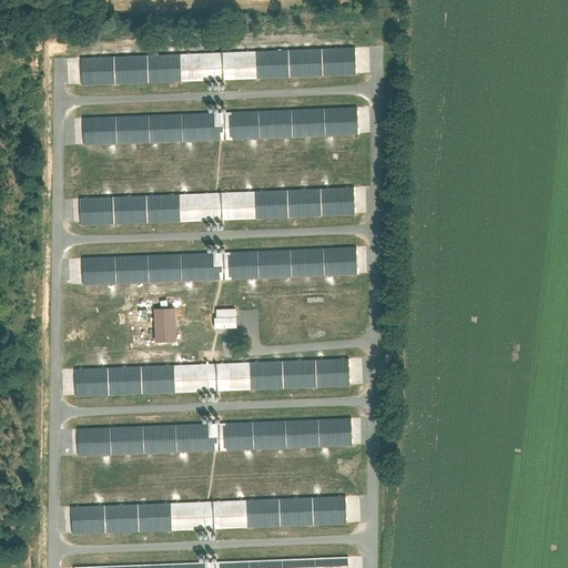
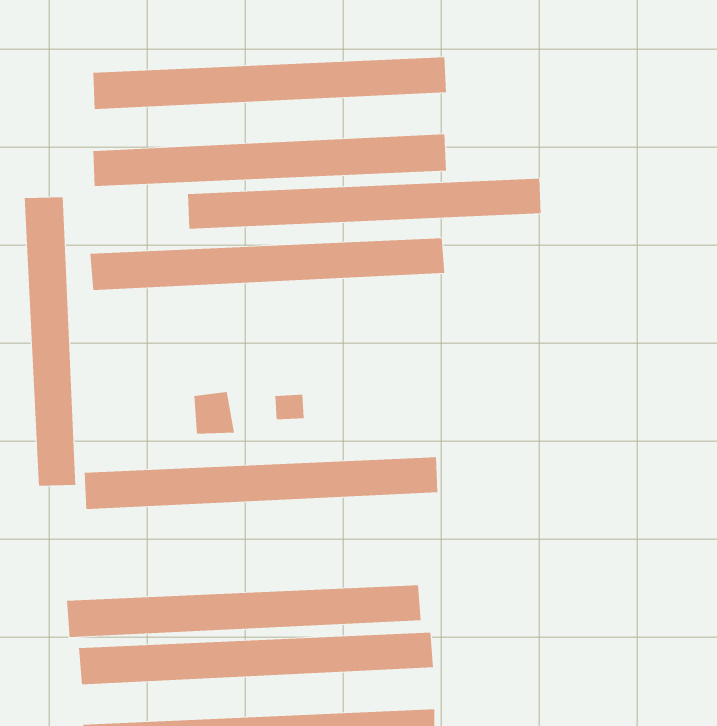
building: none -> [24,197,76,486]
building: [79,246,355,286] -> [187,178,541,229]
building: [73,417,351,458] -> [66,585,422,638]

